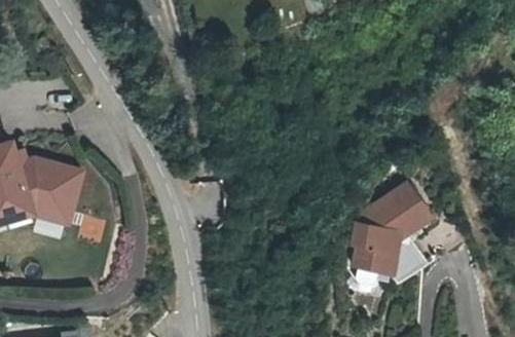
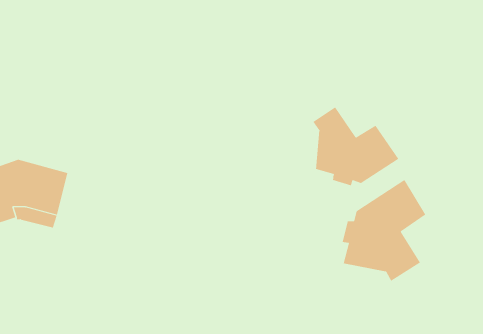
building: none -> [312,106,399,186]

